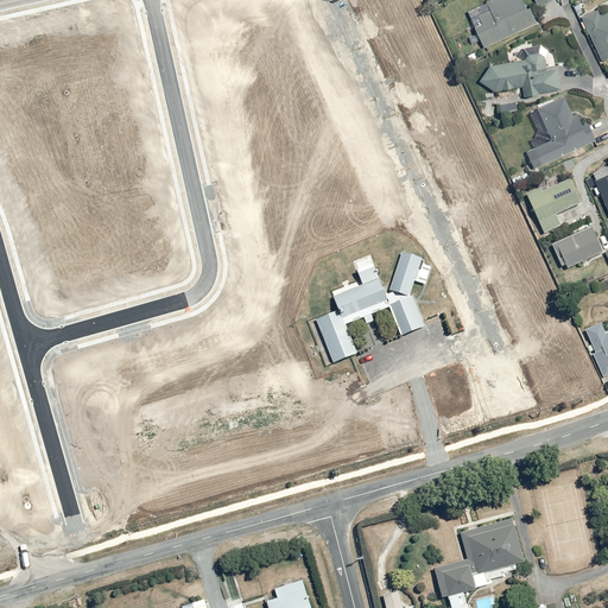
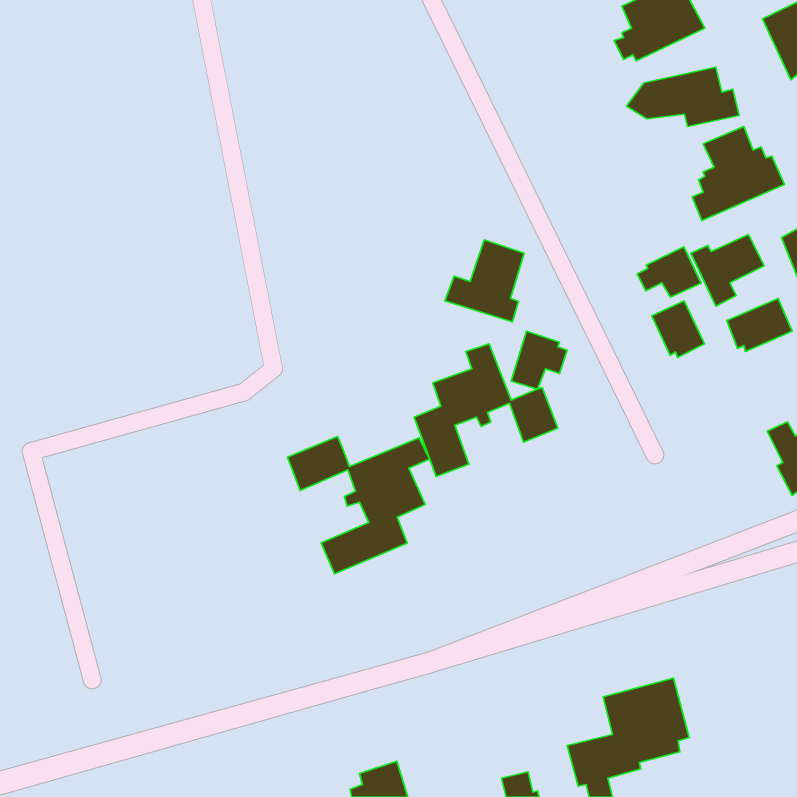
building: none -> [445,240,524,322]
building: none -> [637,247,701,297]
building: none -> [652,301,705,357]
building: none -> [287,436,430,574]

